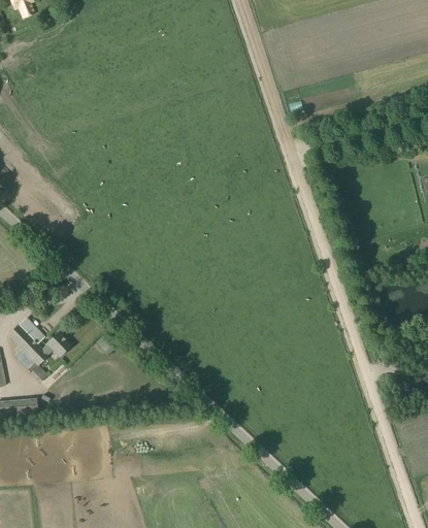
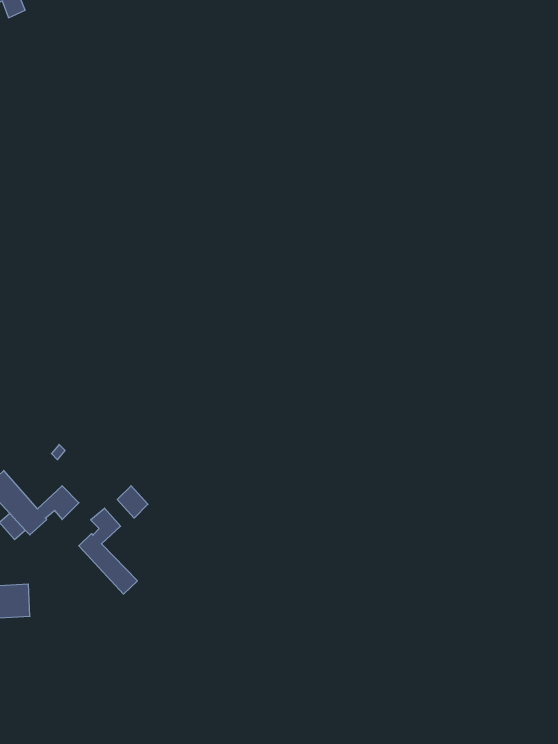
building: none -> [79,508,137,594]

